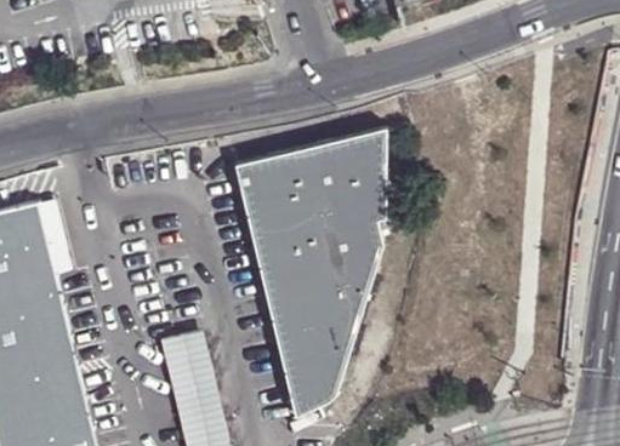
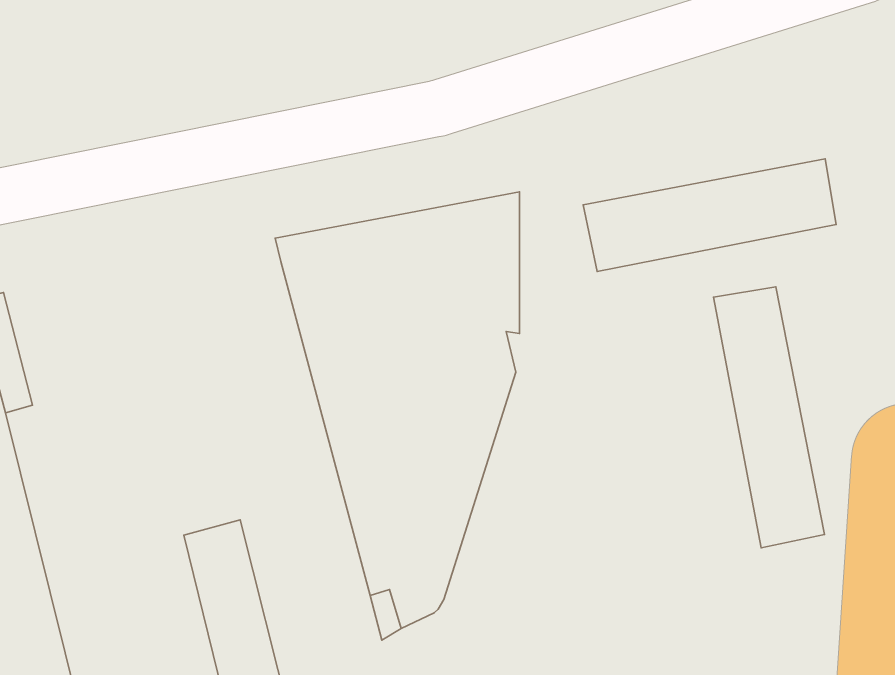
building: none -> [583,159,836,272]
building: none -> [713,287,825,548]

